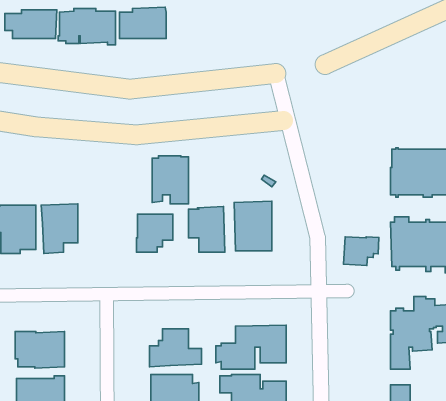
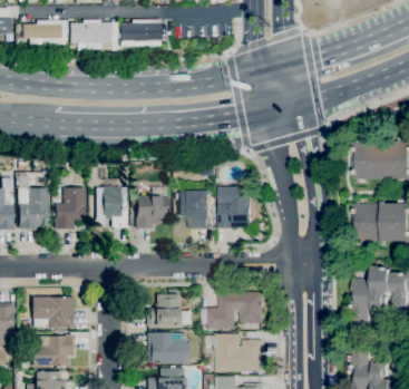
building: [152,156,189,204] -> [96,186,127,227]
building: [344,237,379,265] -> none

